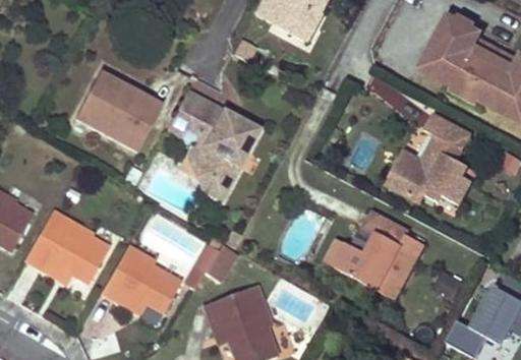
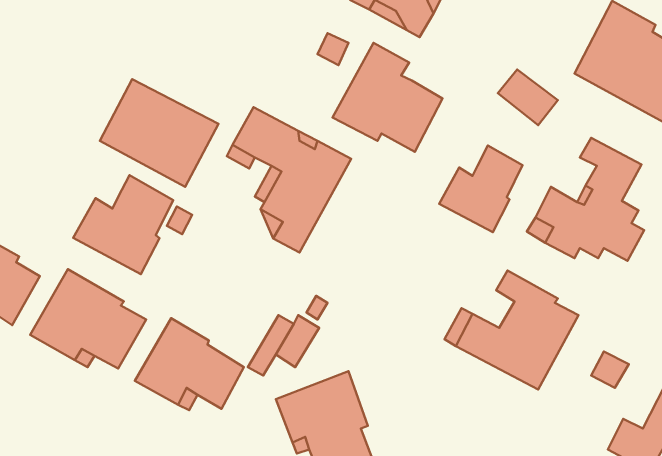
building: none -> [332,43,442,152]
building: none -> [439,145,522,232]
building: none -> [73,175,173,274]

